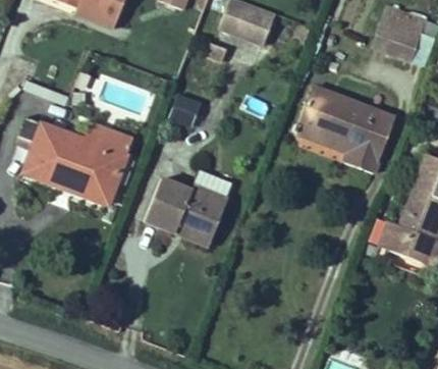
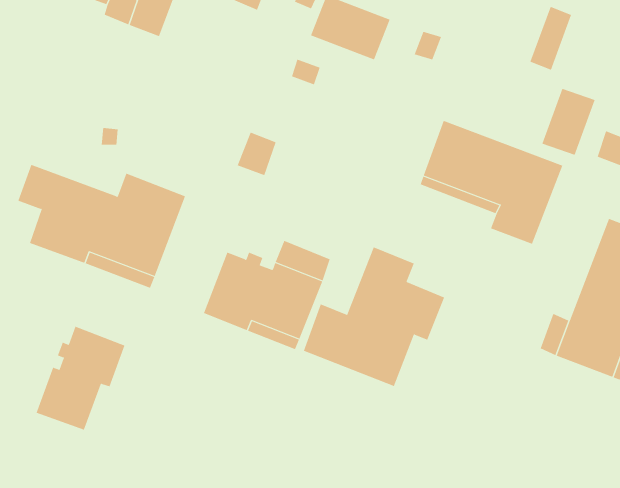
building: [387,12,425,59] -> [541,88,596,155]
building: none -> [303,247,445,387]
building: none -> [36,326,125,431]

